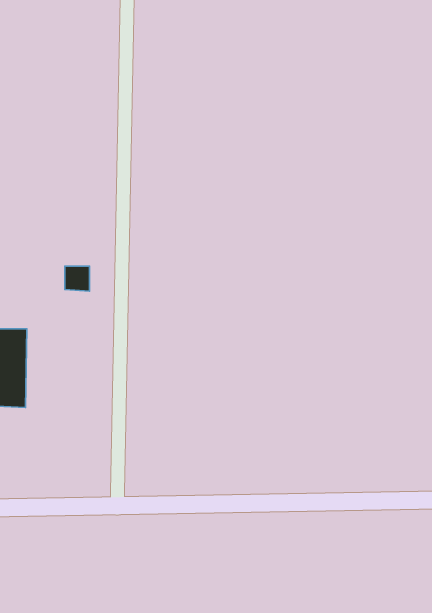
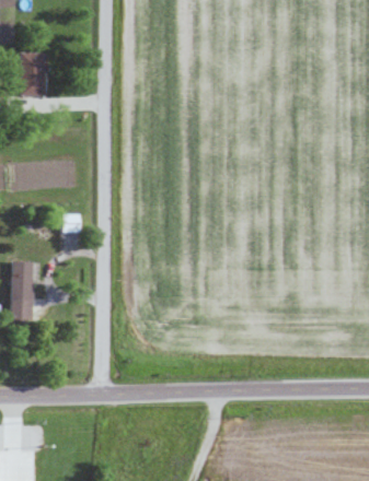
building: none -> [20,52,45,94]

